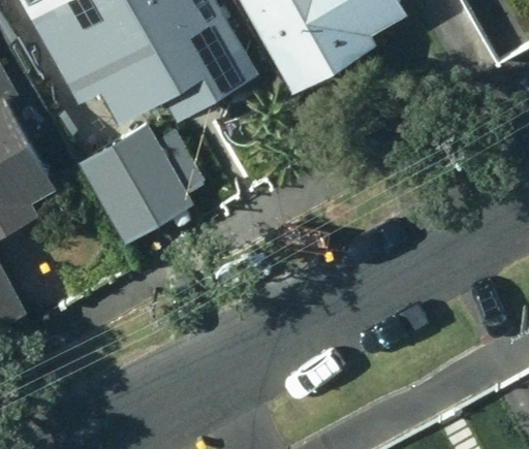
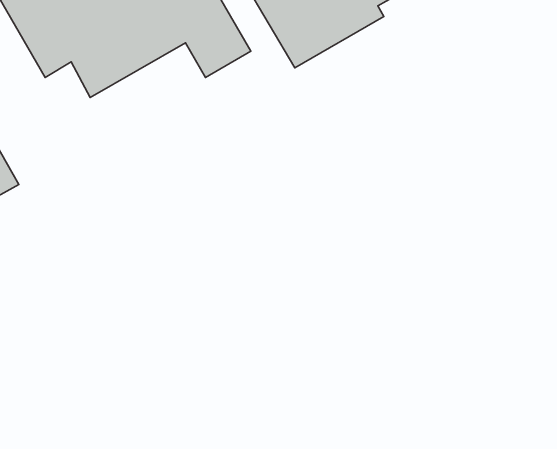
building: [80,128,199,249] -> none

